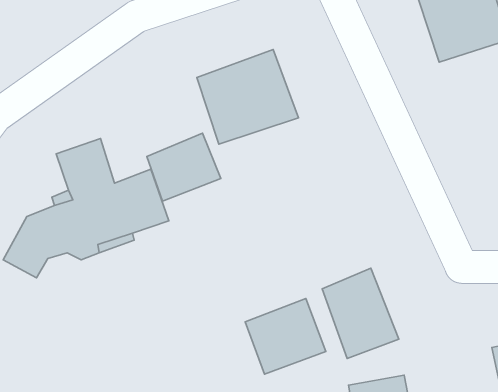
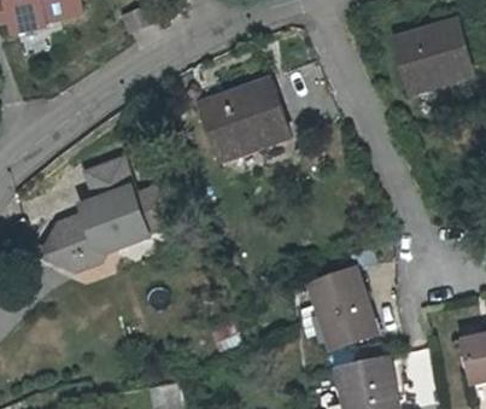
building: [147,133,221,201] -> none
building: [245,298,326,374] -> none

